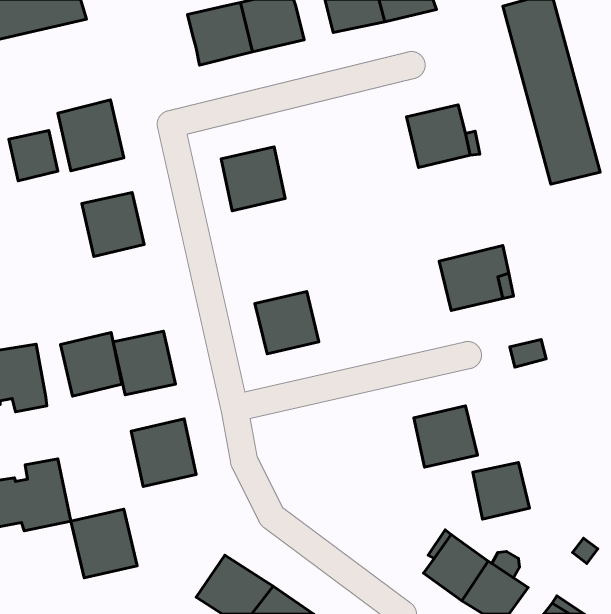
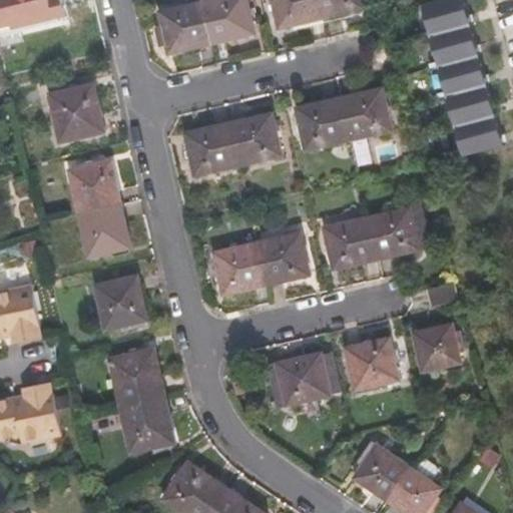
building: none -> [296,97,349,149]
building: [9,131,58,181] -> none
building: none -> [228,113,281,165]
building: none -> [323,217,376,269]
building: none -> [255,232,309,285]
building: [61,332,122,396] -> [78,203,129,256]
building: none -> [268,353,330,407]
building: [473,463,529,519] -> [413,324,460,371]
building: [71,509,137,578] -> [119,395,174,452]

